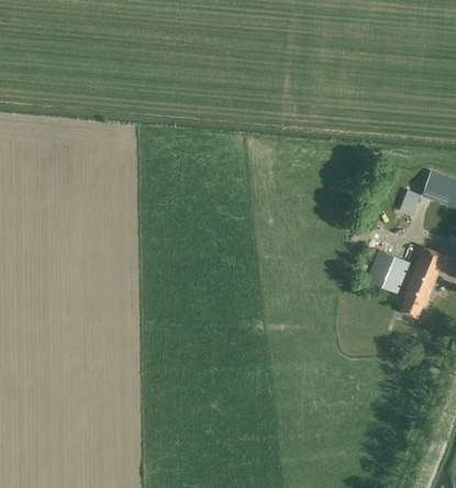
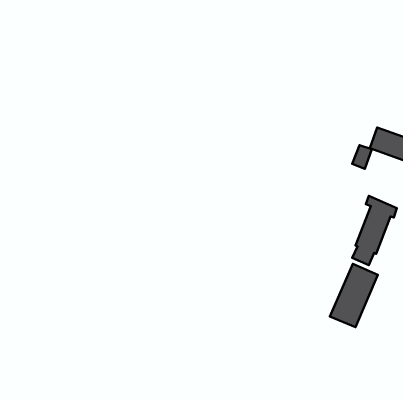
building: [367,249,411,293] -> none
building: none -> [330,264,378,327]

